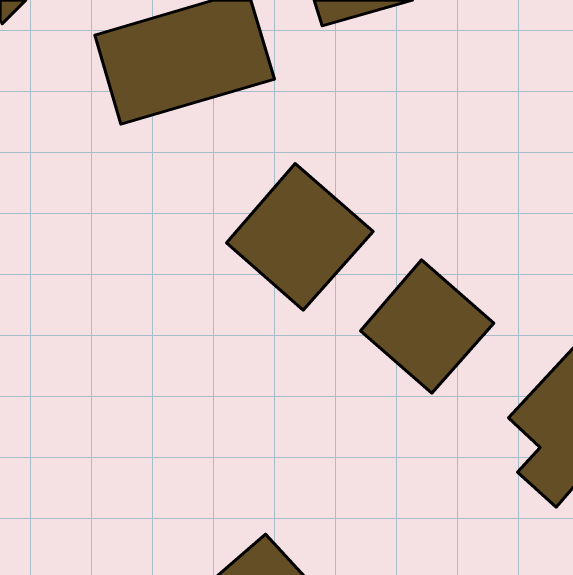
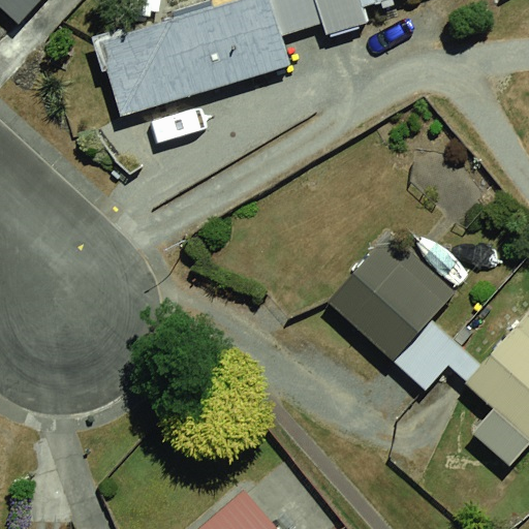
building: [226,163,373,310] -> none

